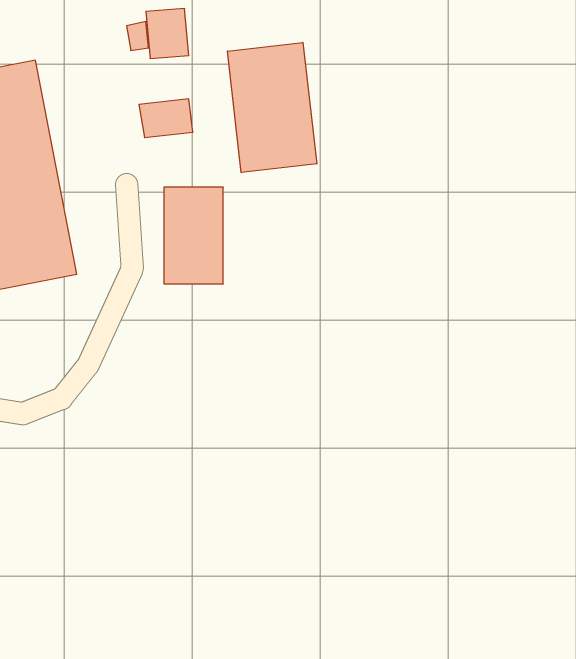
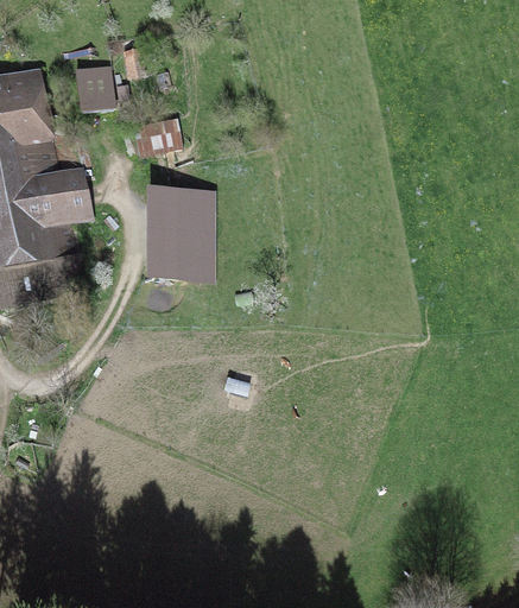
building: [146,9,189,58] -> [76,59,113,102]
building: [227,42,317,173] -> none

